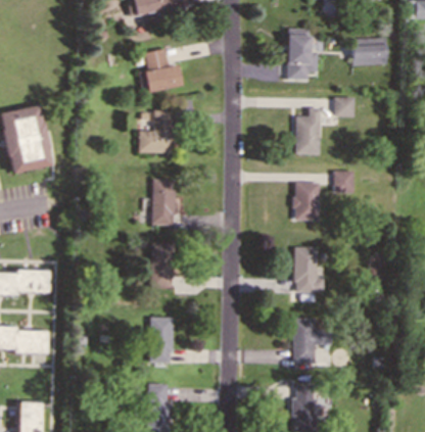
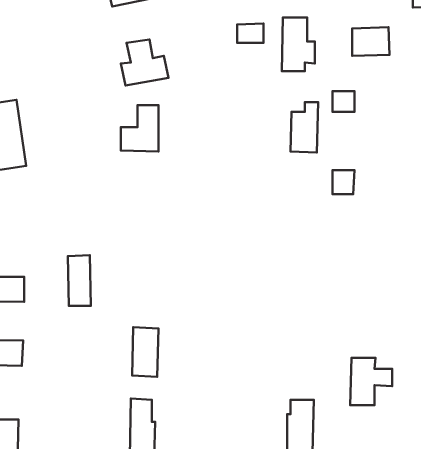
building: none -> [237,23,264,43]
building: [153,179,177,225] -> none
building: [295,183,321,221] -> none
building: [151,242,173,289] -> [68,255,91,306]
building: [294,247,325,293] -> none
building: [293,319,332,363] -> [350,358,392,405]

